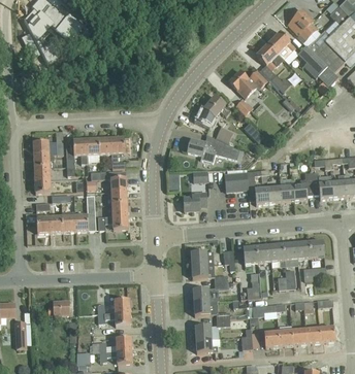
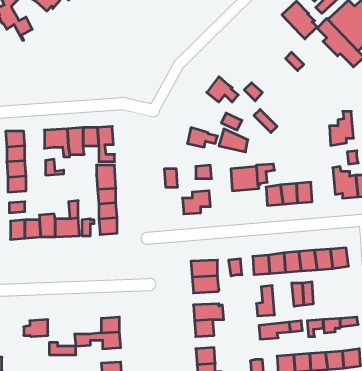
building: [255,42,283,70] -> none
building: [228,70,265,97] -> none
building: [292,172,313,201] -> [329,111,354,145]

